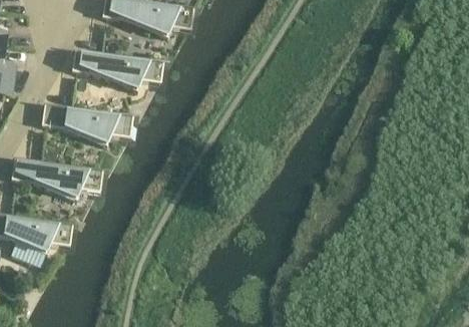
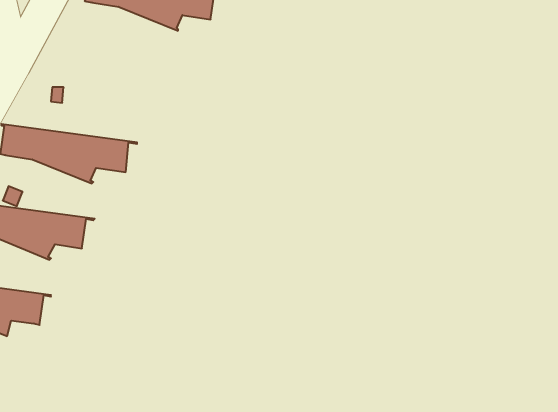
building: [70,48,167,90] -> none

